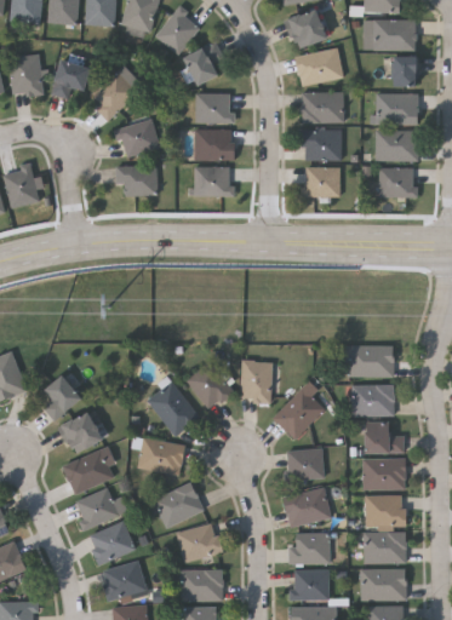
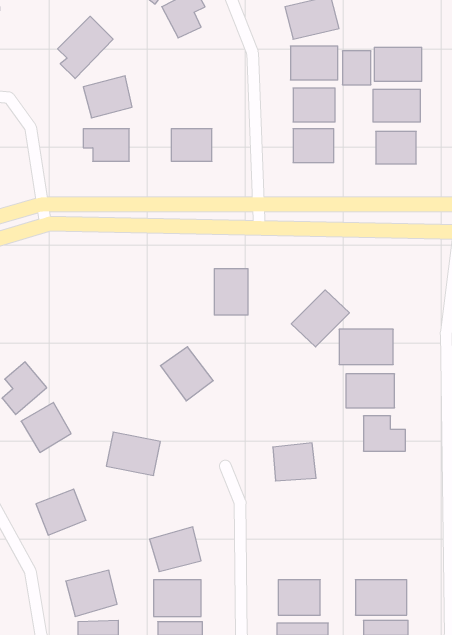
building: [395,56,420,86] -> [342,51,371,85]
building: [53,59,93,98] -> none
building: [196,93,233,122] -> none
building: [195,128,235,159] -> none
building: [241,361,271,402] -> [214,269,248,315]
building: [148,381,200,436] -> none
building: [273,388,325,438] -> [291,290,349,347]
building: [63,448,115,494] -> none
building: [362,458,405,489] -> none
building: [153,482,205,528] -> none
building: [284,487,331,528] -> none
building: [365,494,406,527] -> none
building: [87,522,136,564] -> none
building: [364,532,407,563] -> none
building: [288,533,330,564] -> none

